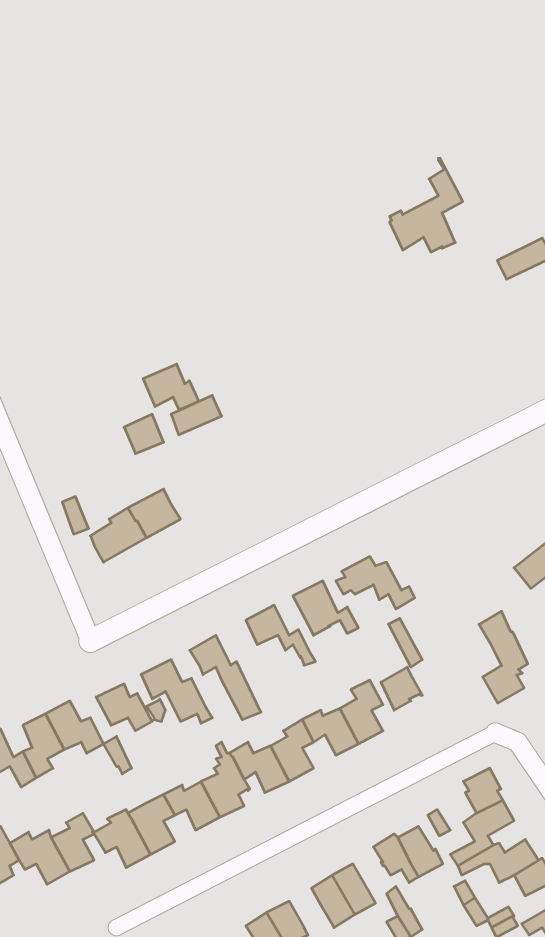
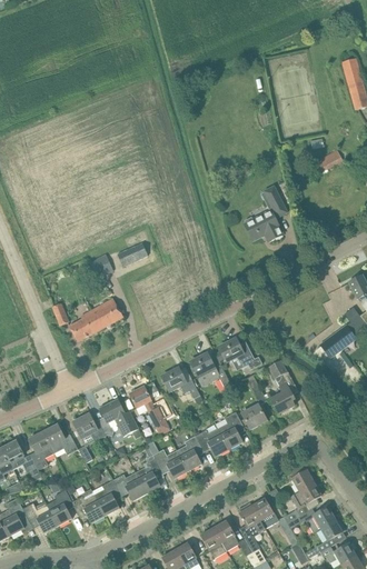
building: [390,158,463,252] -> [244,186,287,241]
building: [143,364,199,410] -> none
building: [479,611,528,703] -> [267,359,296,413]

